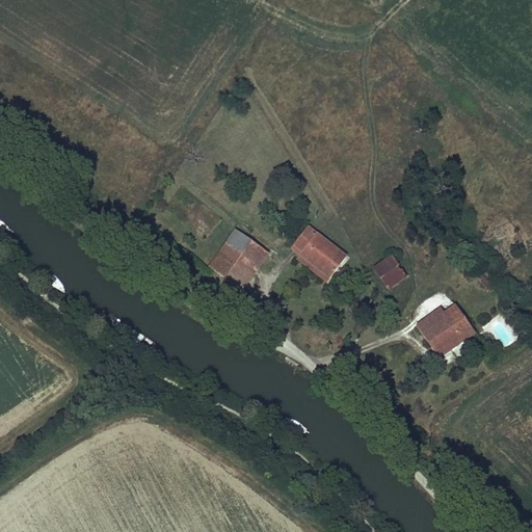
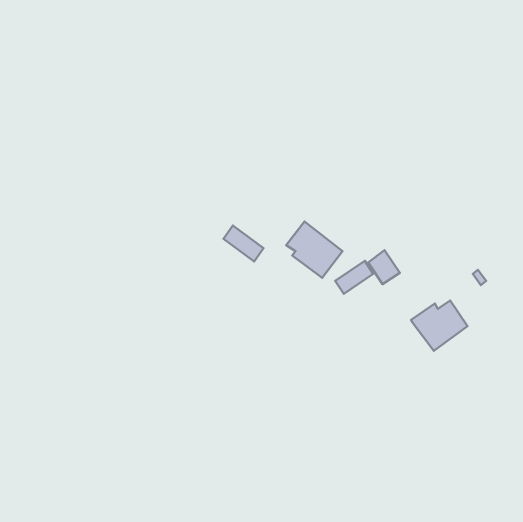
building: [210,242,258,288] -> none
building: none -> [335,261,373,294]

